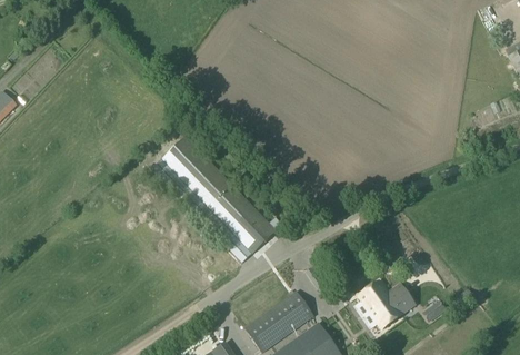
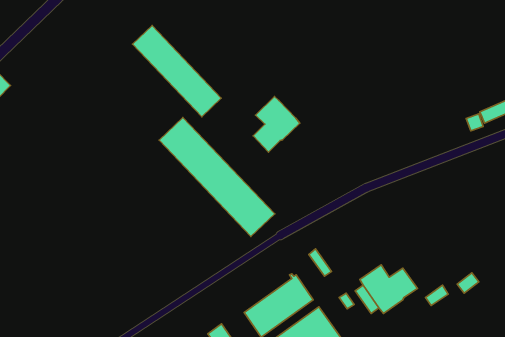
building: none -> [133,26,221,117]
building: none -> [253,97,300,152]

